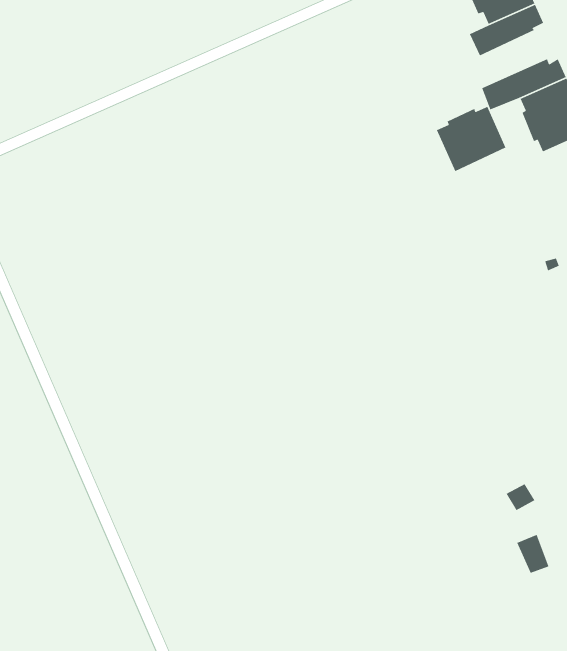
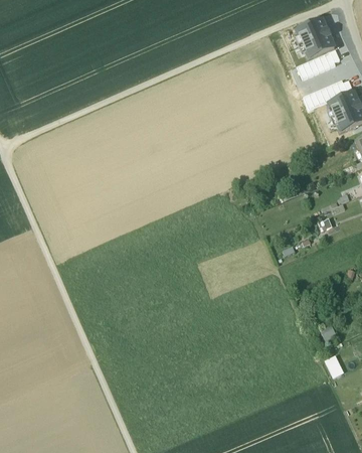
building: [436,106,506,172] -> none

